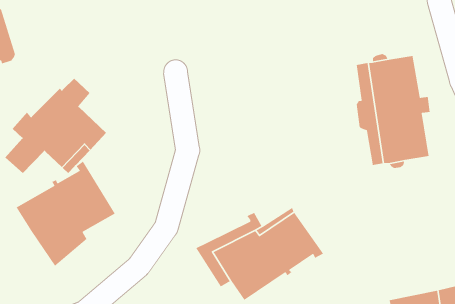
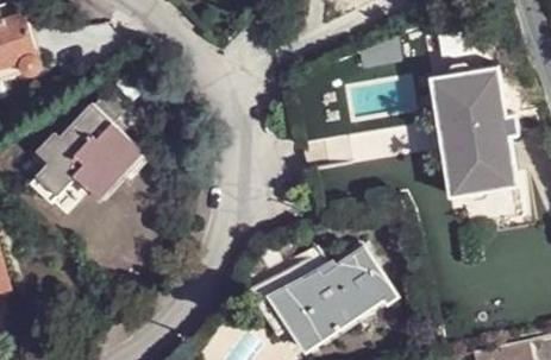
building: [16,161,116,267] -> none

